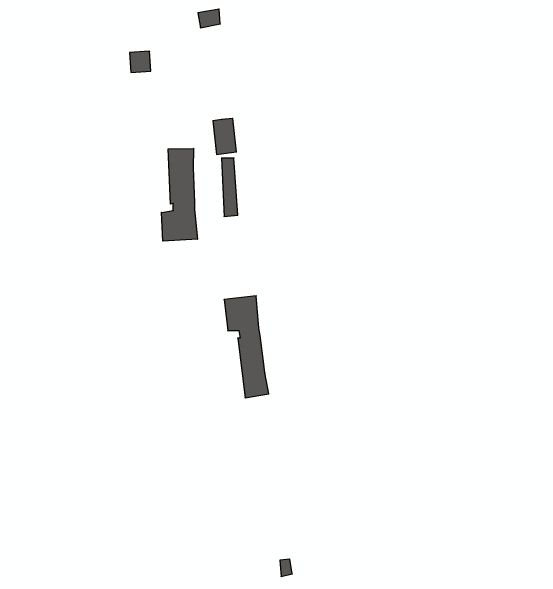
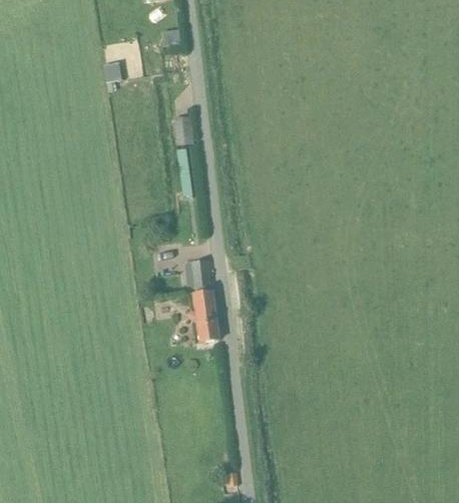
building: [161,148,197,241] -> none

